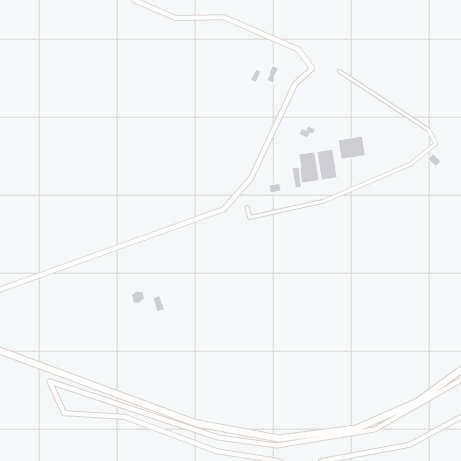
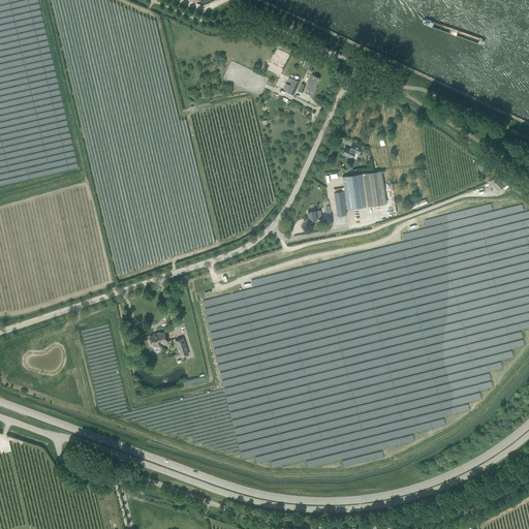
building: [338,136,366,160] -> none

